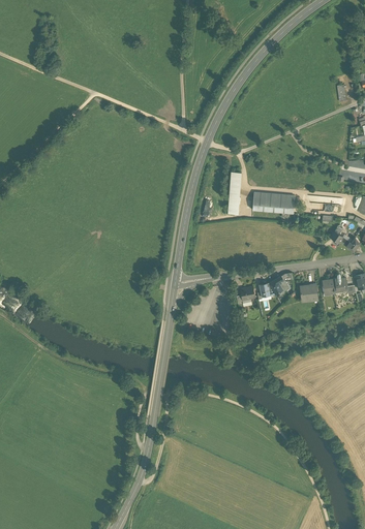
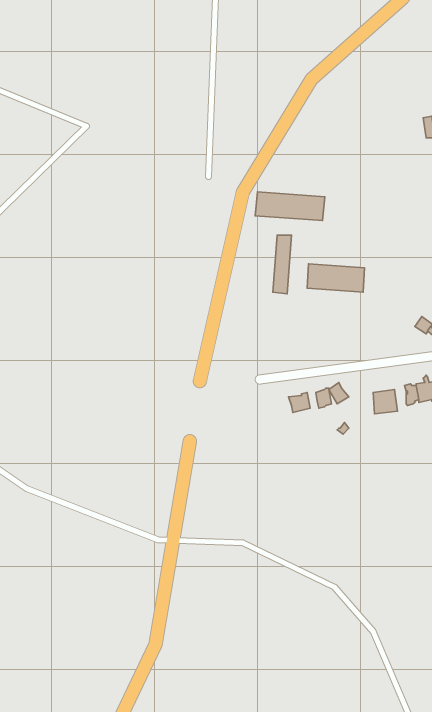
building: none -> [255,192,325,221]

